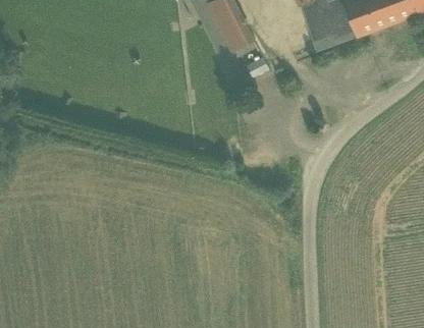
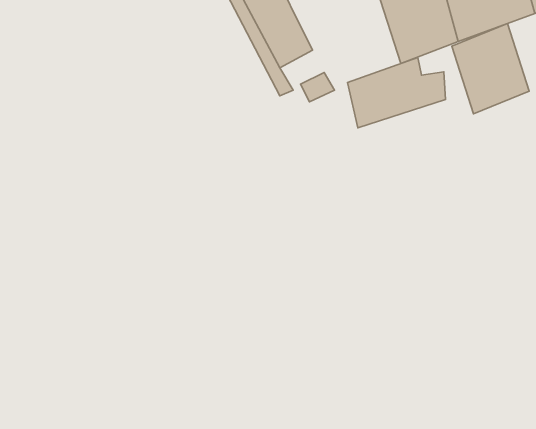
building: none -> [452,23,529,114]
building: none -> [348,57,446,128]

